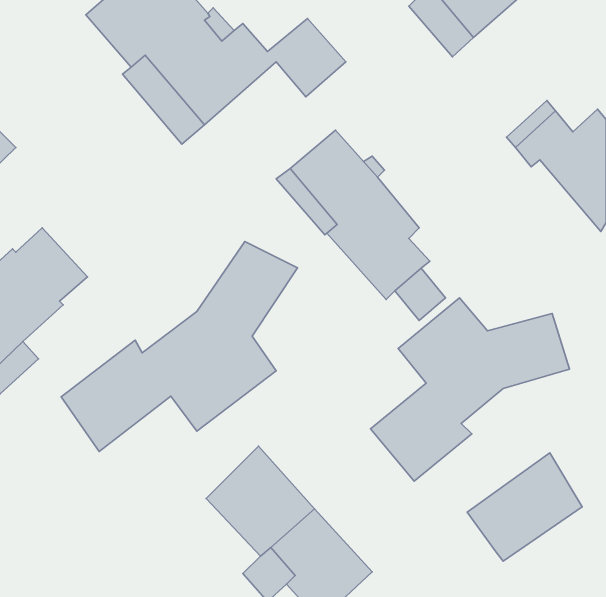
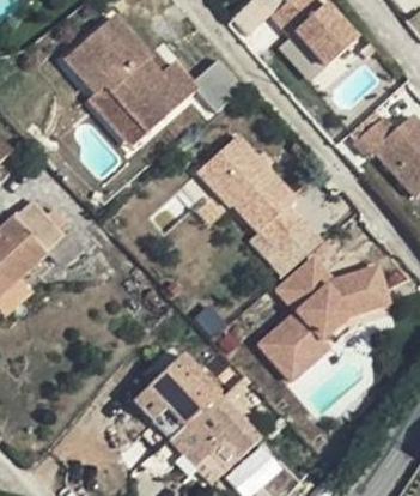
building: [61,242,297,451] -> none
building: [467,453,582,561] -> none

